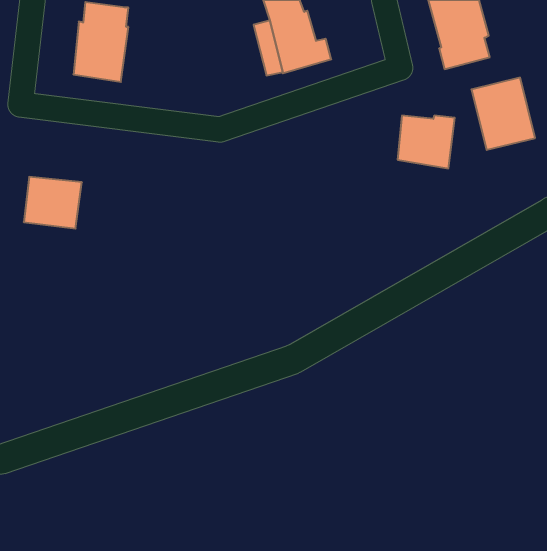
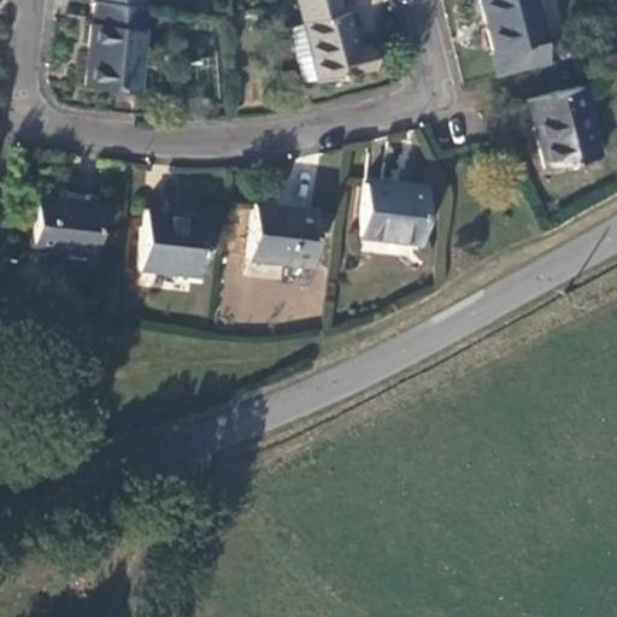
building: [398,116,455,168] -> [364,187,428,246]
building: none -> [249,204,317,265]
building: none -> [141,210,206,276]

